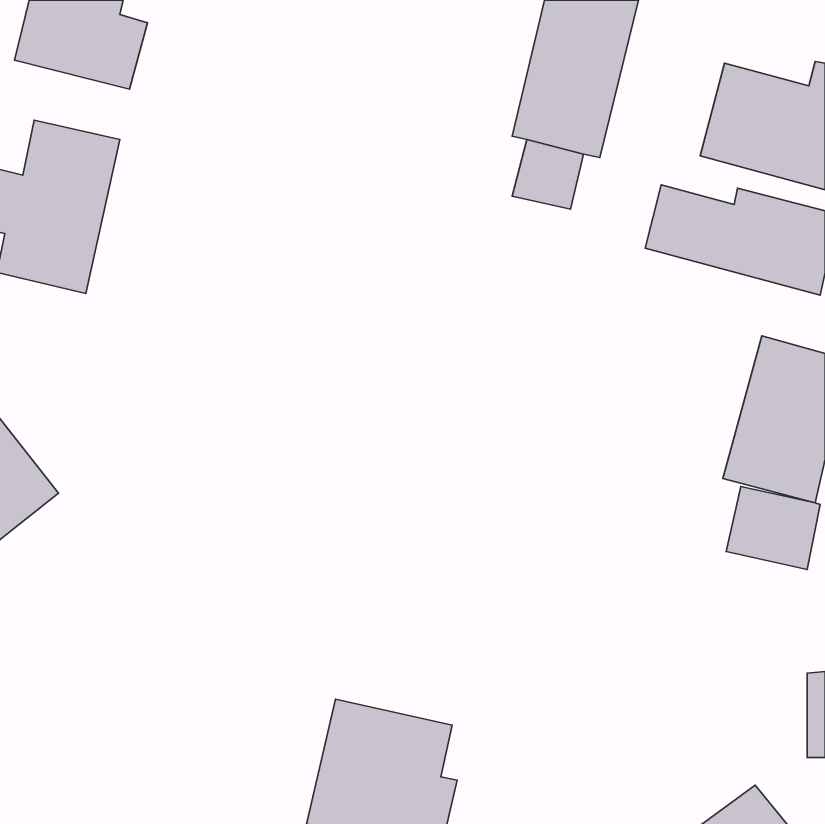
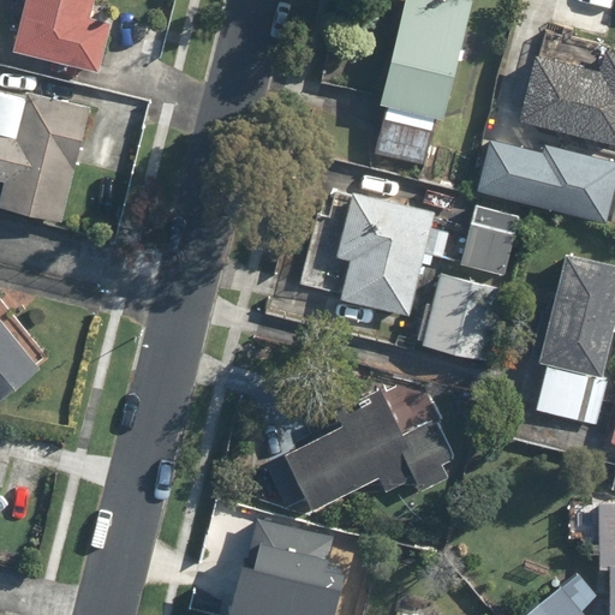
building: none -> [336,190,438,320]
building: none -> [461,207,519,274]
building: none -> [424,273,508,358]
building: none -> [270,395,452,507]

